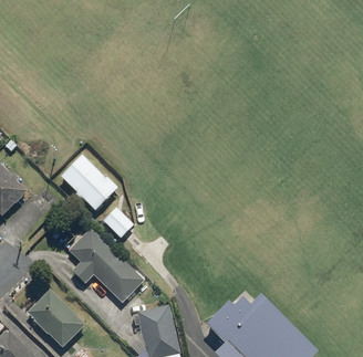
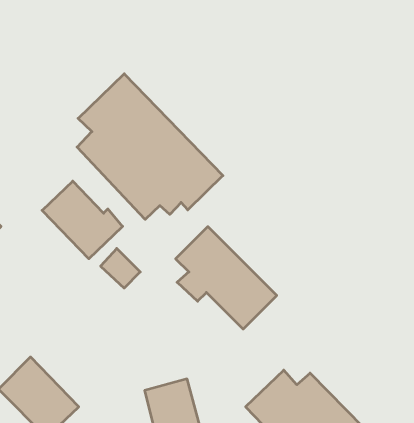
building: none -> [77,74,223,219]
building: [69,228,145,305] -> [176,227,277,329]

